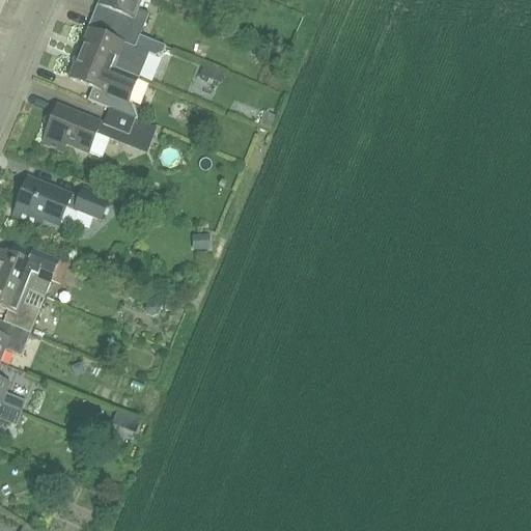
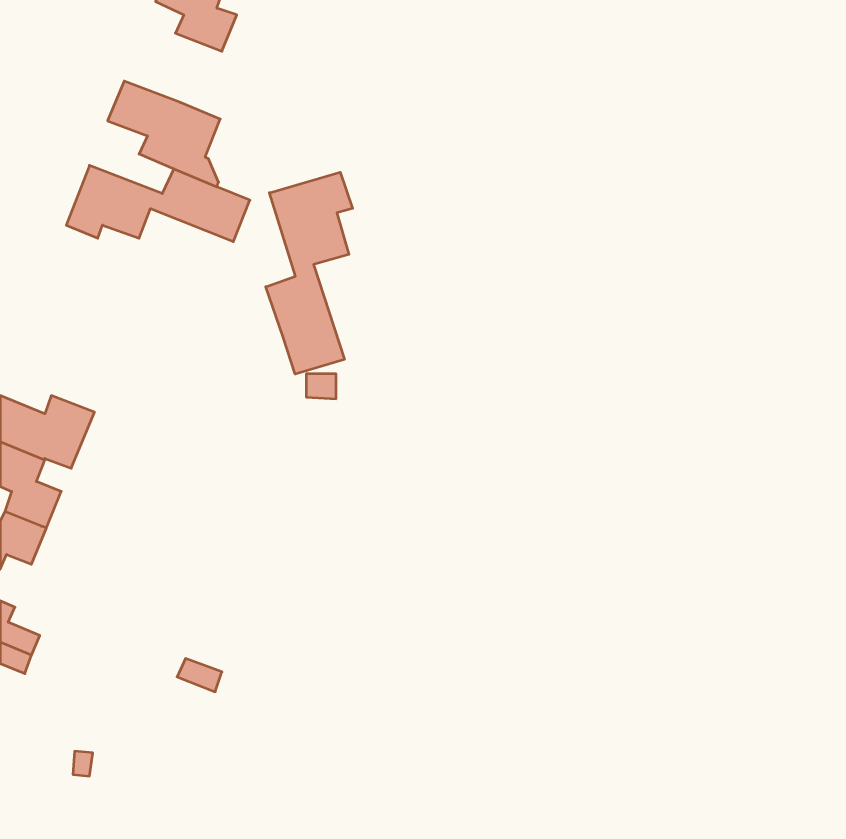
building: [78,21,165,75] -> none
building: none -> [266,172,353,374]
building: [11,176,110,225] -> none

